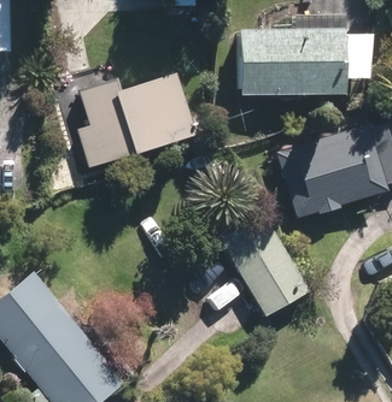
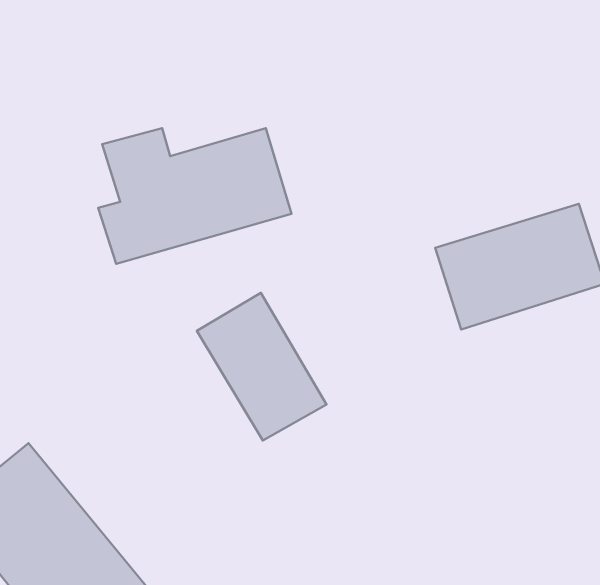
building: [257,34,346,89] -> none
building: [224,219,303,308] -> [197,293,326,440]

